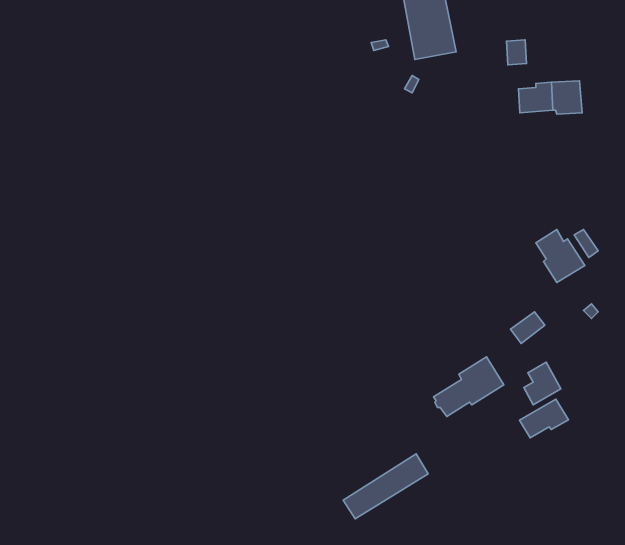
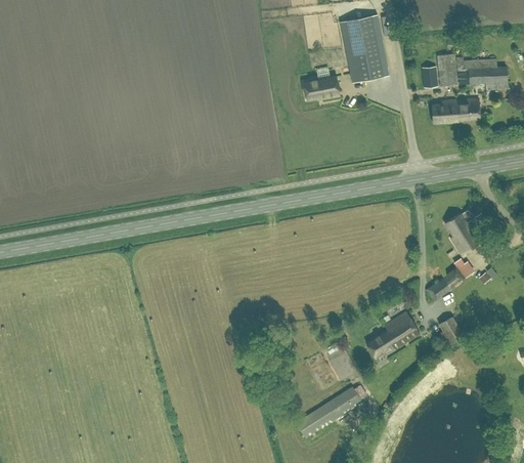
building: none -> [438,53,508,90]
building: none -> [304,75,341,99]
building: none -> [444,256,475,286]
building: [519,399,569,438] -> none

